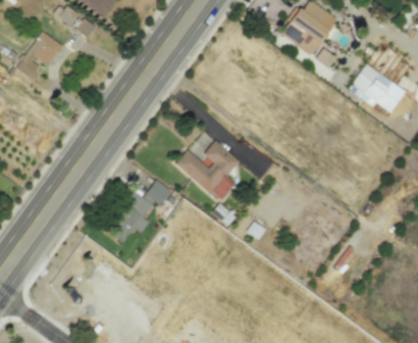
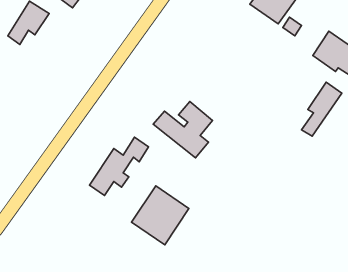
building: none -> [302,82,342,136]
building: none -> [132,186,189,245]

